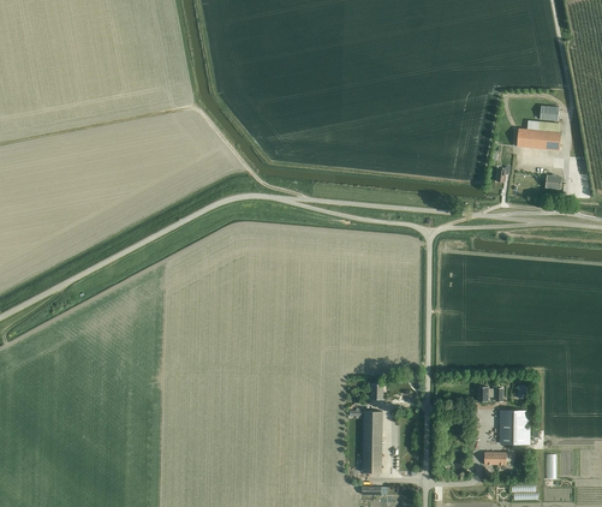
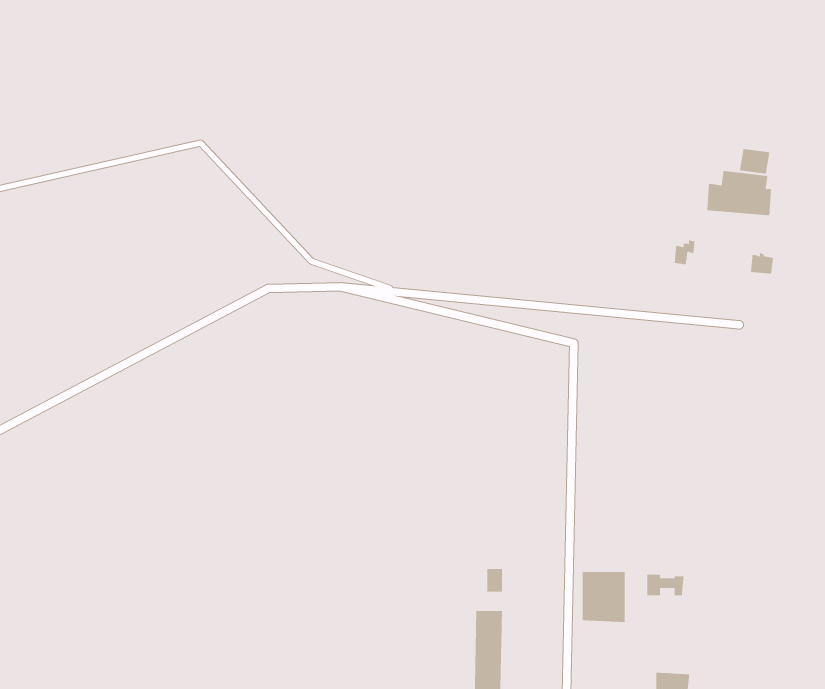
building: [501,411,530,445] -> [582,571,626,622]

